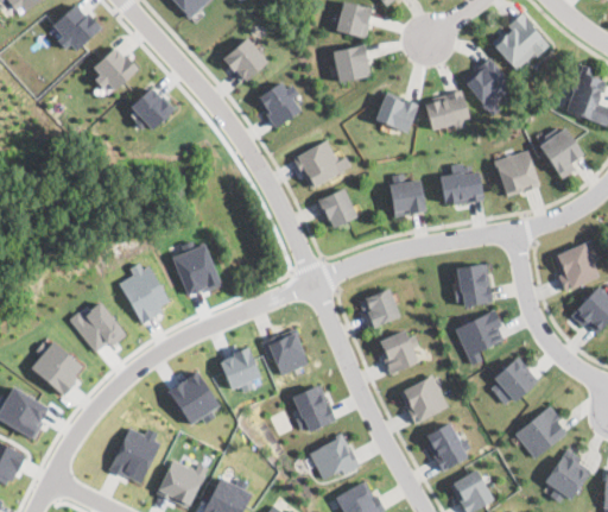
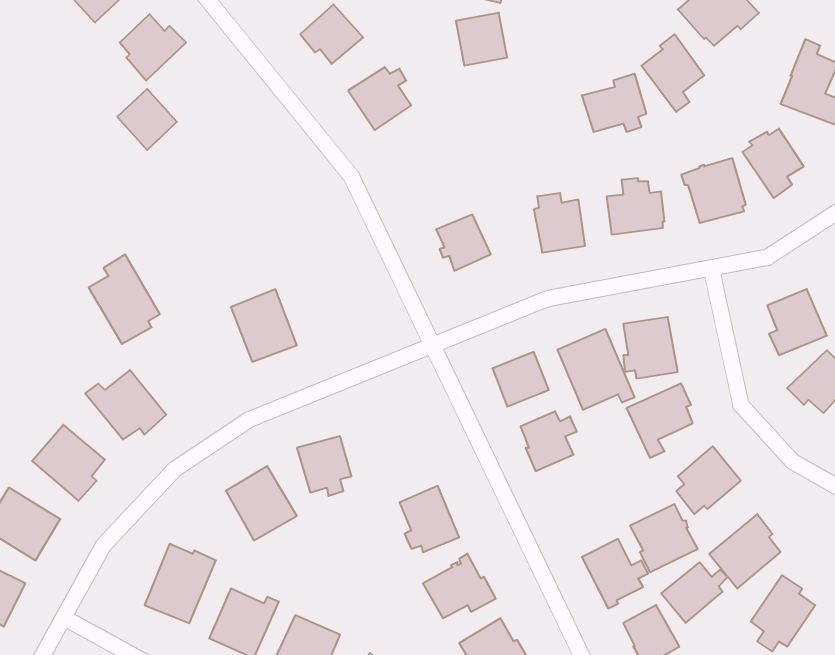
building: [131,86,173,129] -> [117,89,177,150]
building: [375,93,419,133] -> none
building: [294,143,353,190] -> none
building: [118,259,169,323] -> [89,254,160,344]
building: none -> [558,329,635,410]
building: [261,329,310,375] -> none
building: [400,374,449,423] -> [630,504,698,572]
building: none -> [661,562,728,623]

